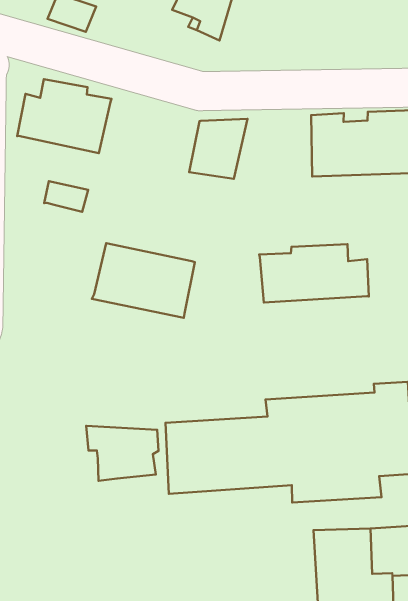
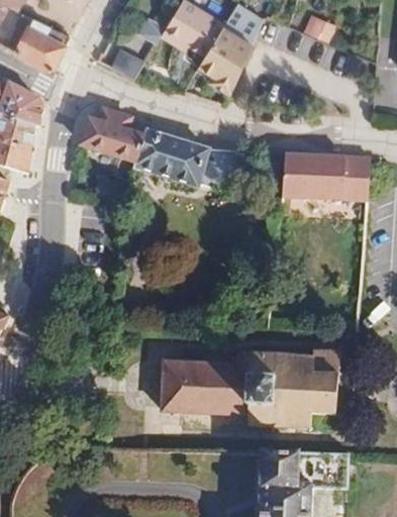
building: [92,243,195,318] -> [133,128,209,187]
building: [259,244,369,303] -> none
building: [86,426,158,481] -> none

